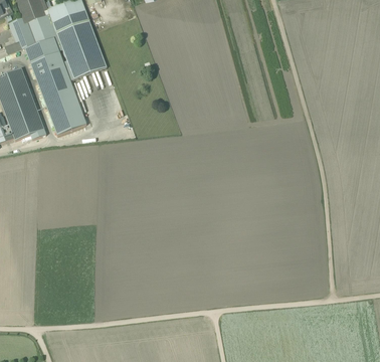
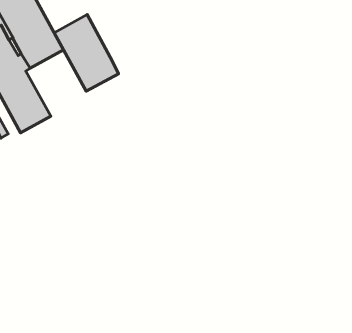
building: none -> [54,15,118,91]

